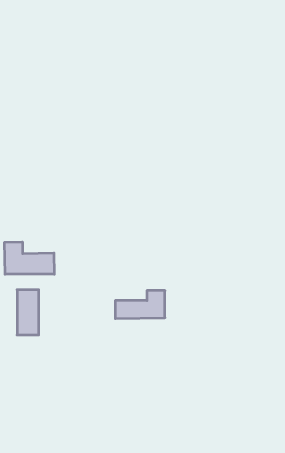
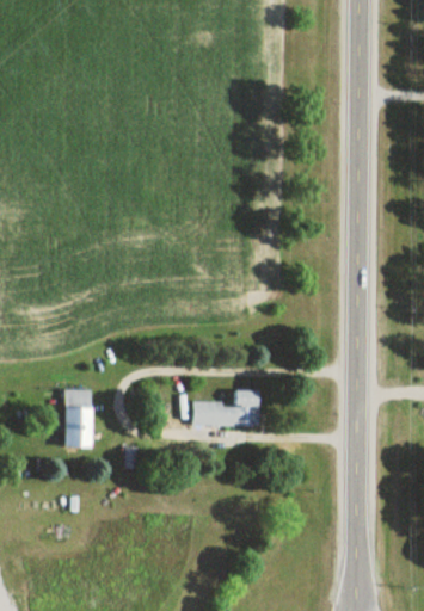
building: [5,242,54,274] -> none

